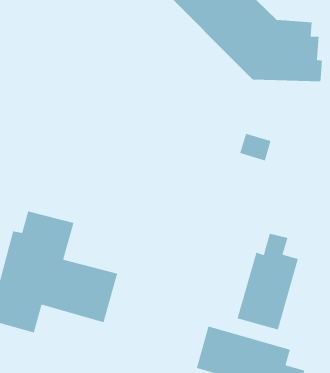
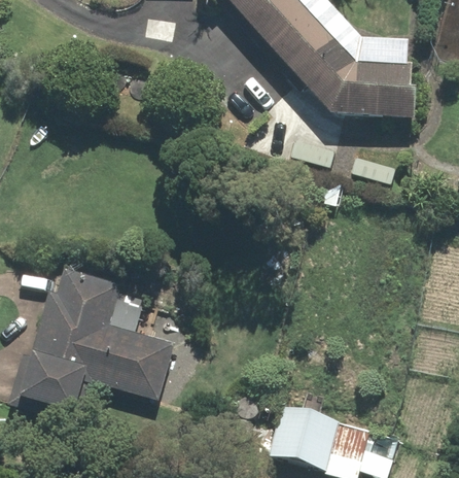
building: [237,233,299,331] -> none

